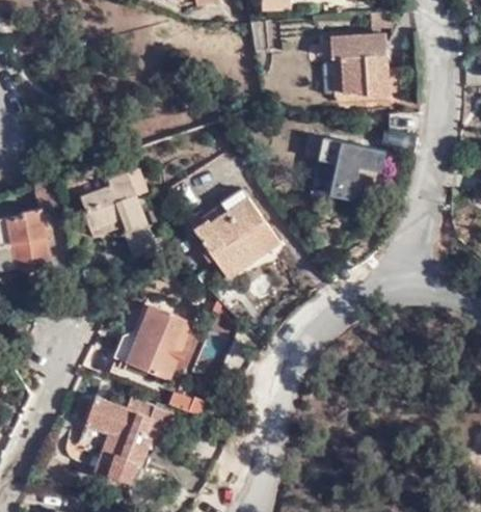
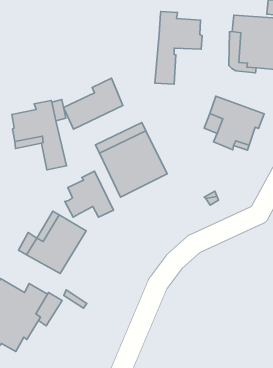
building: none -> [155,12,202,84]
building: none -> [63,78,123,129]
building: none -> [65,171,113,217]

